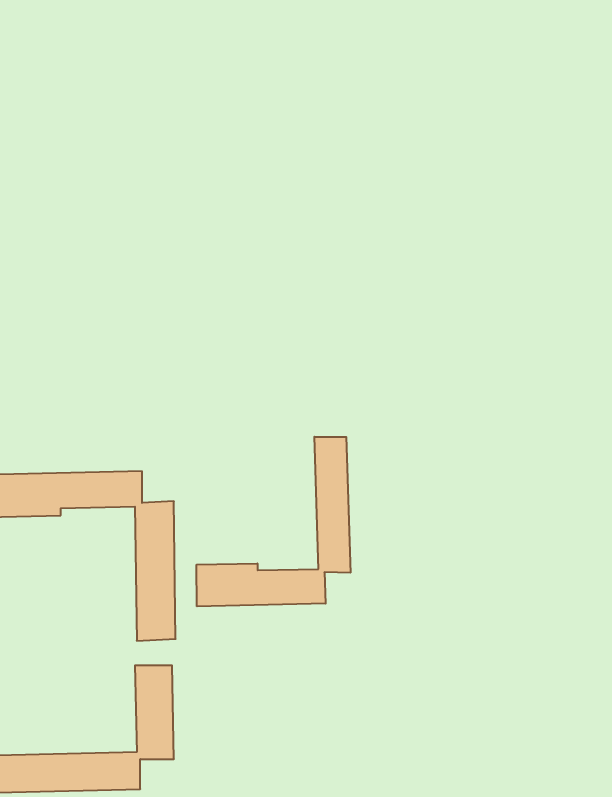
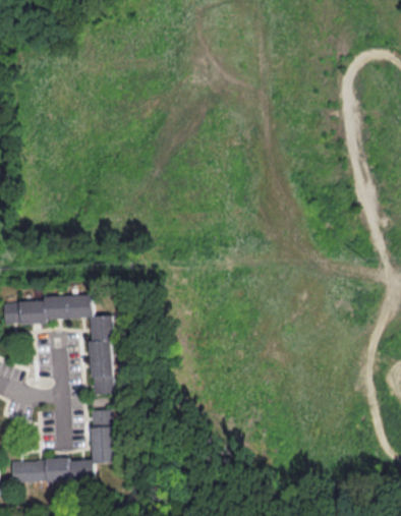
building: [197,437,350,606] -> none

